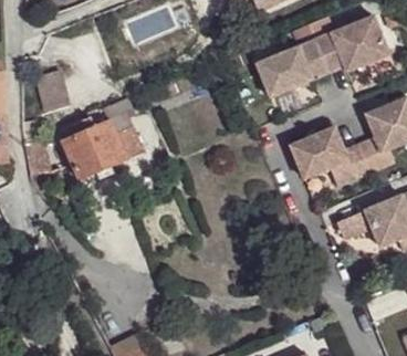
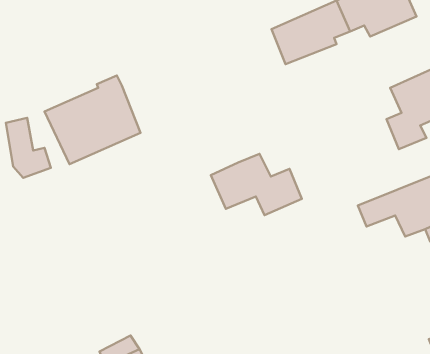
building: [31,71,64,111] -> none
building: [292,128,373,182] -> [211,154,302,215]

